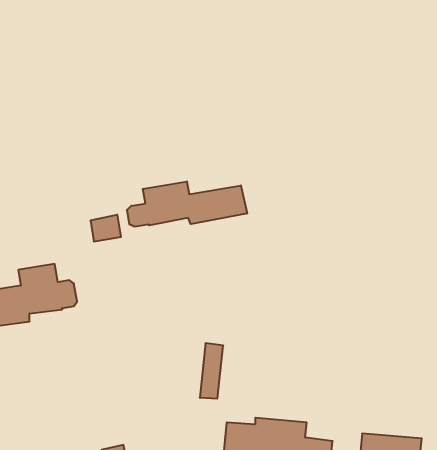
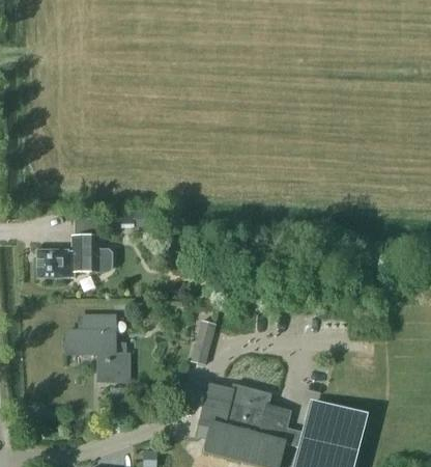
building: [127,181,247,227] -> none
building: none -> [66,317,130,382]

